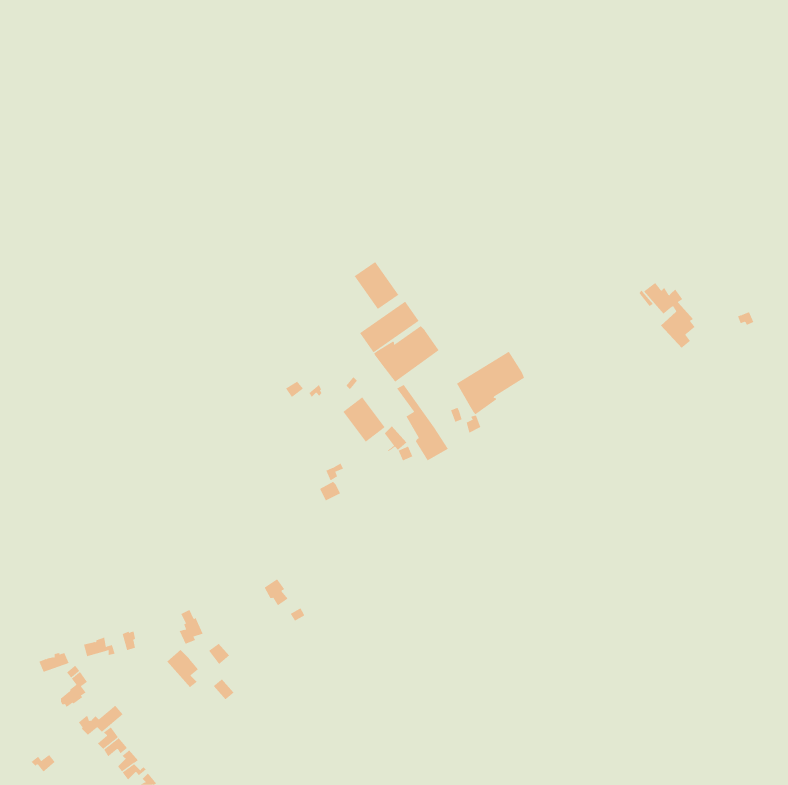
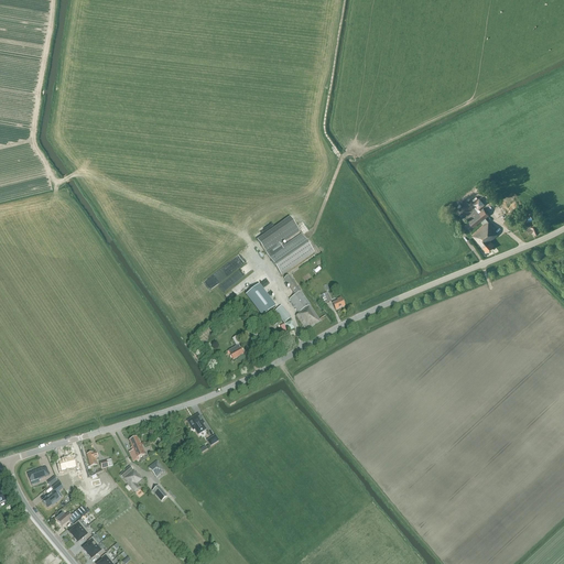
building: [354,261,399,310] -> none
building: [456,351,525,415] -> none

